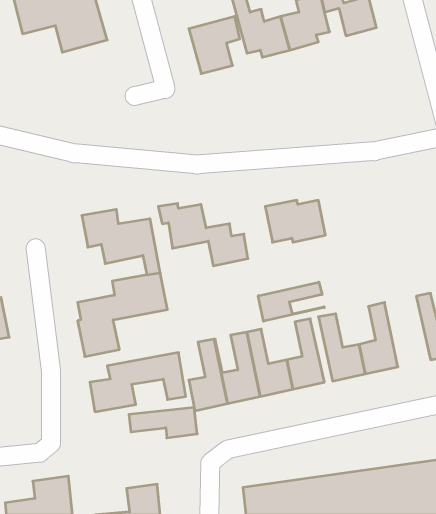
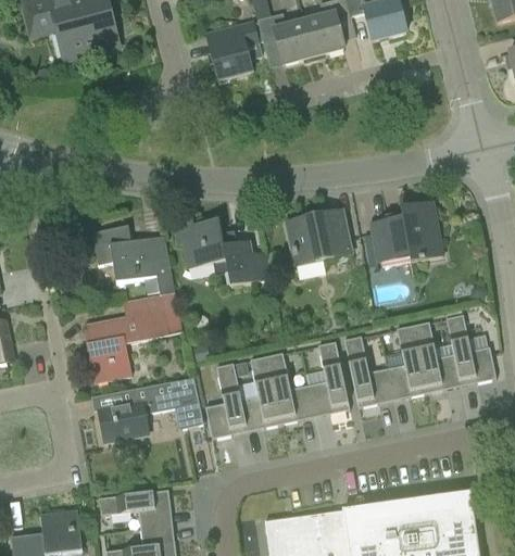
building: none -> [369,201,443,262]
building: [258,282,324,321] -> none
building: none -> [414,317,463,392]
building: [129,407,197,438] -> [99,489,172,521]

